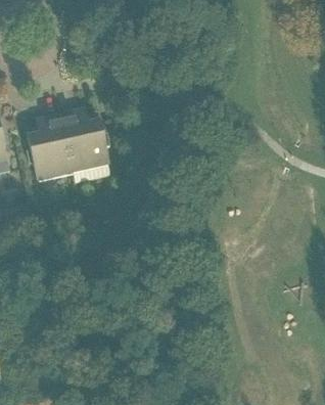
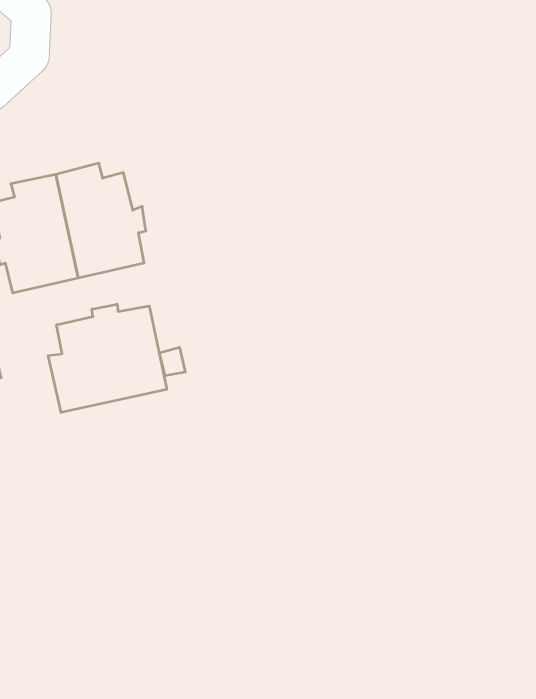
building: none -> [48,304,167,413]

